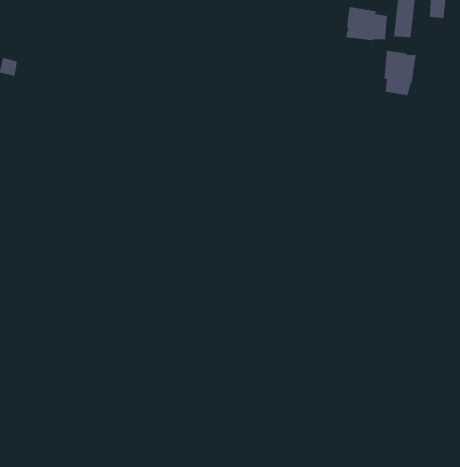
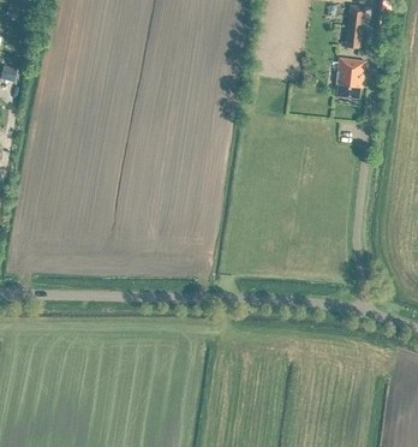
building: [345,6,388,41] -> none

